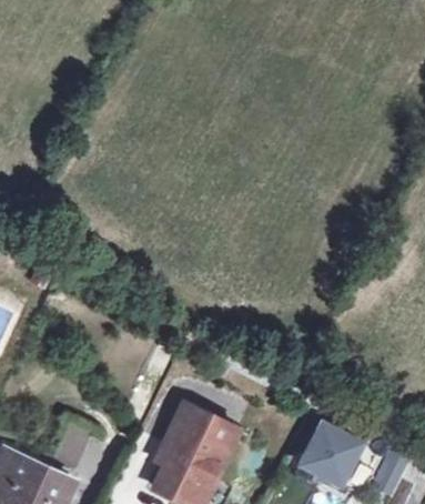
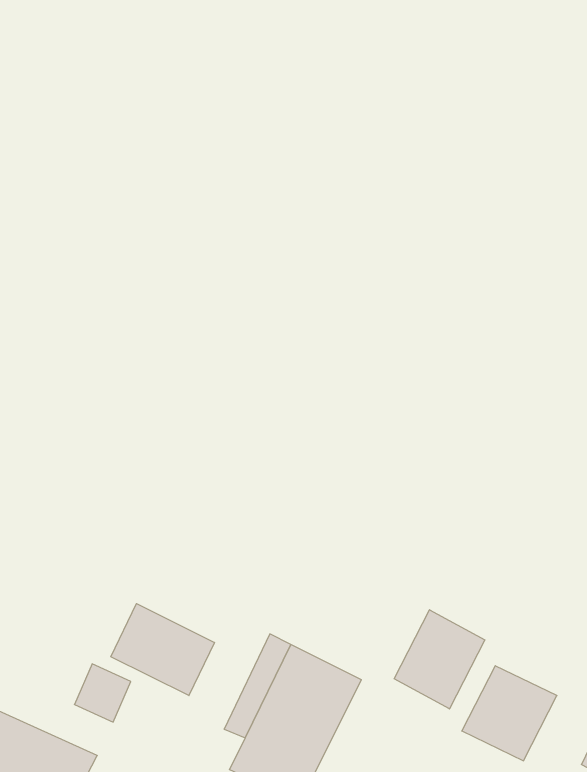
building: none -> [111,604,214,696]
building: none -> [394,610,485,709]

